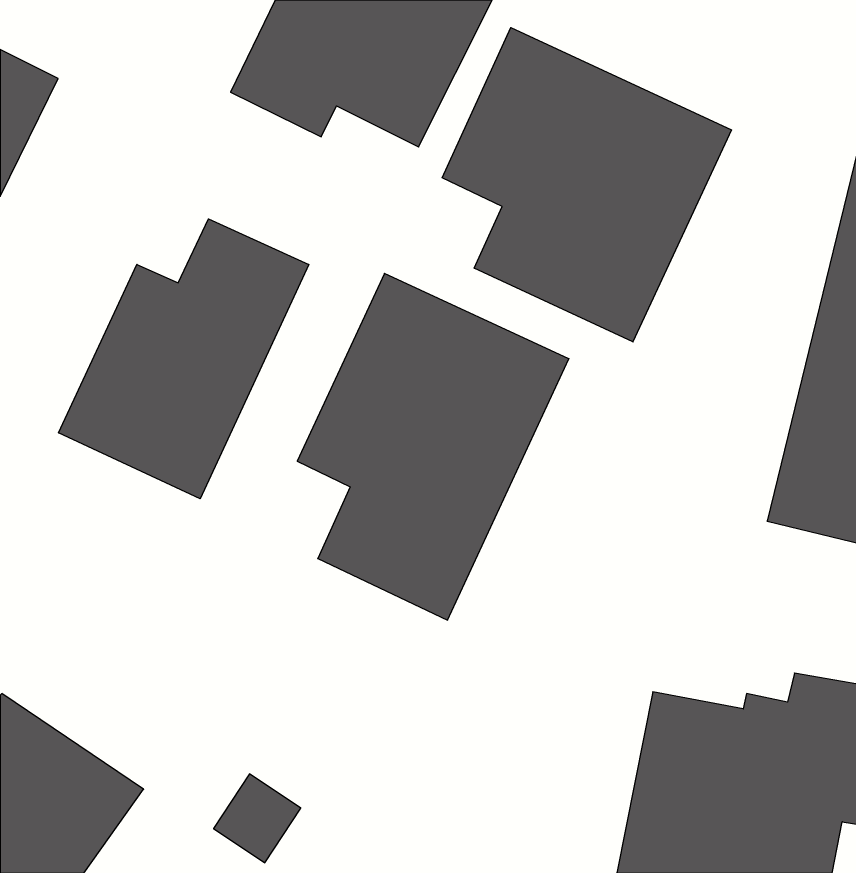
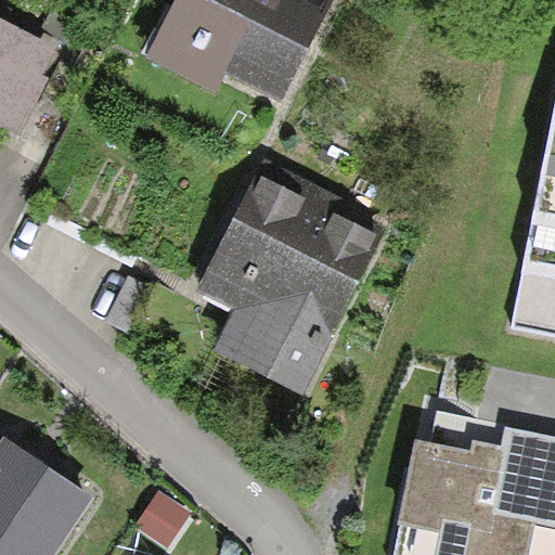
building: [442,28,731,342] -> none
building: [59,219,309,499] -> none

